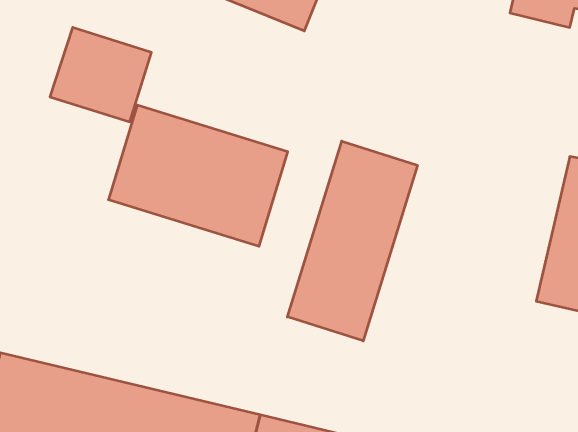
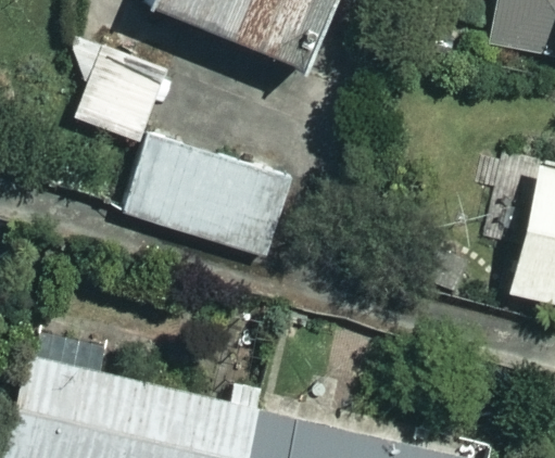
building: [287,141,417,341] -> none

